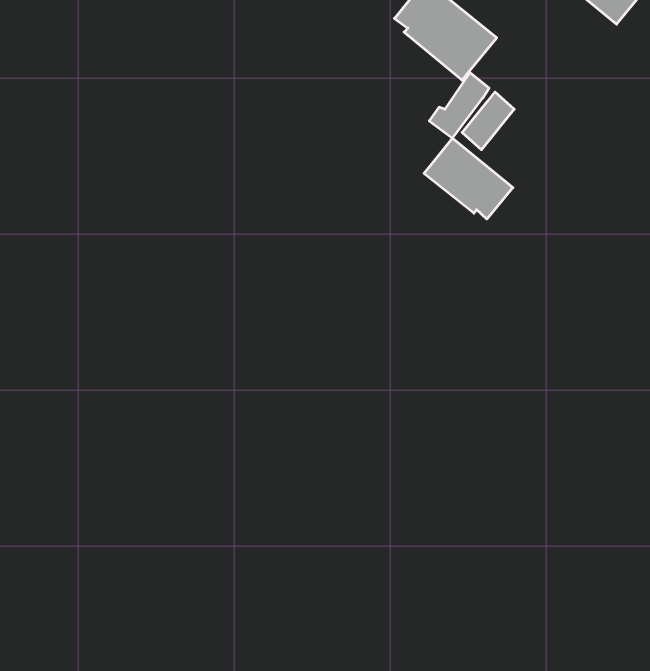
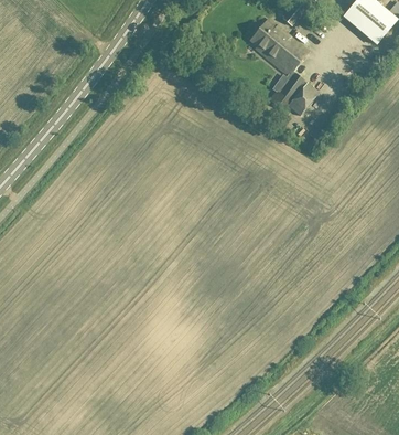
building: [424,138,513,219] -> none

